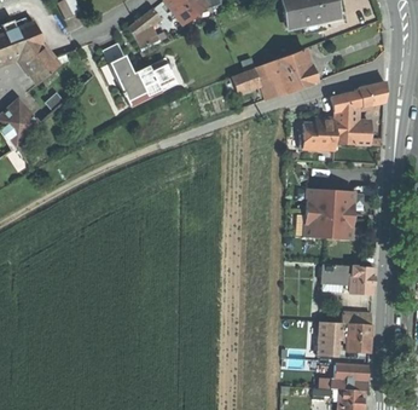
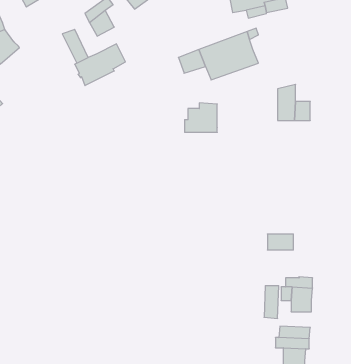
building: [331,80,384,111] -> none
building: [301,117,336,149] -> [185,103,217,132]
building: [303,191,354,239] -> none
building: [353,266,376,293] -> none

